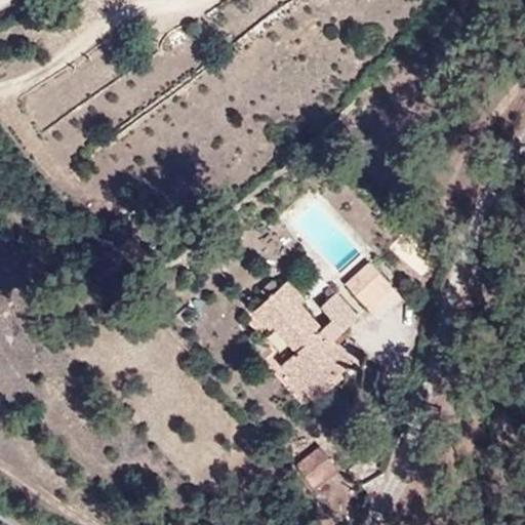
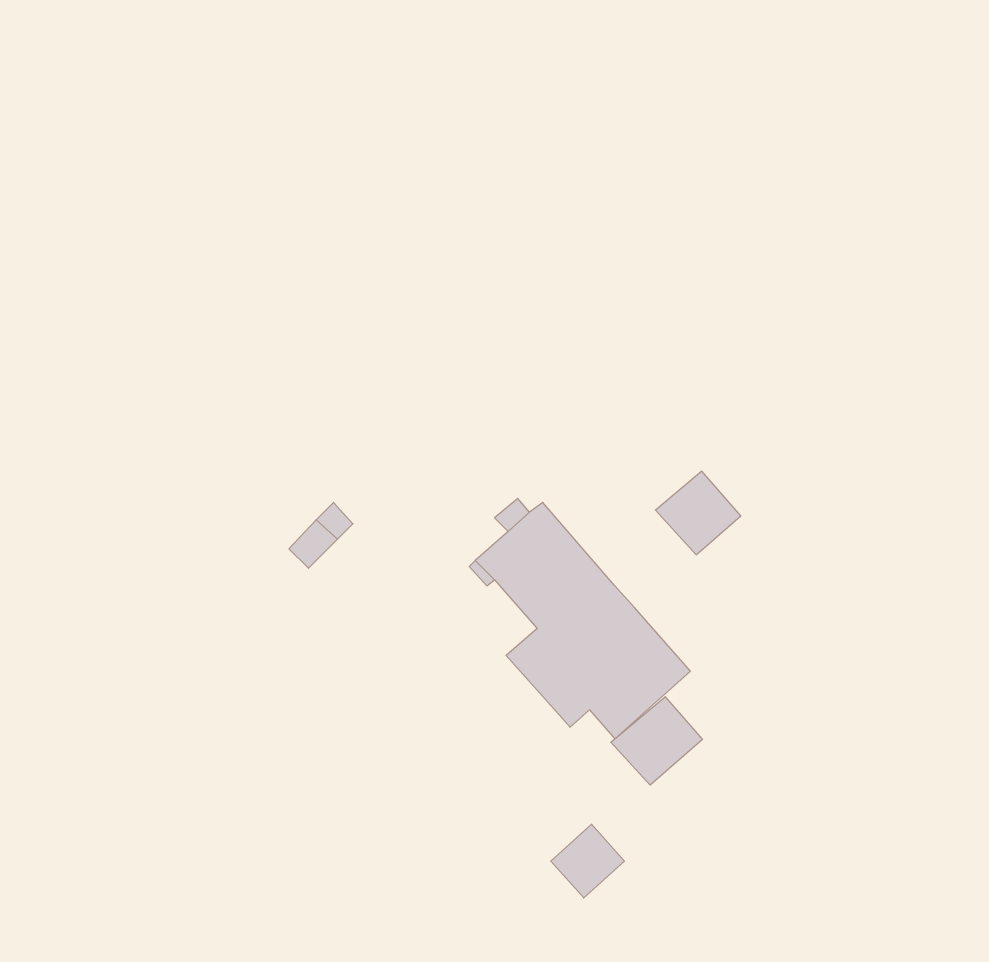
building: [321,292,358,336] -> none
building: none -> [611,697,702,785]

